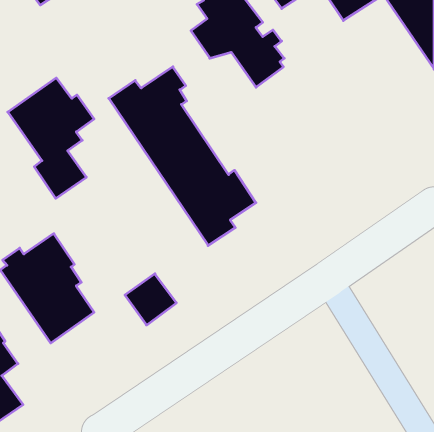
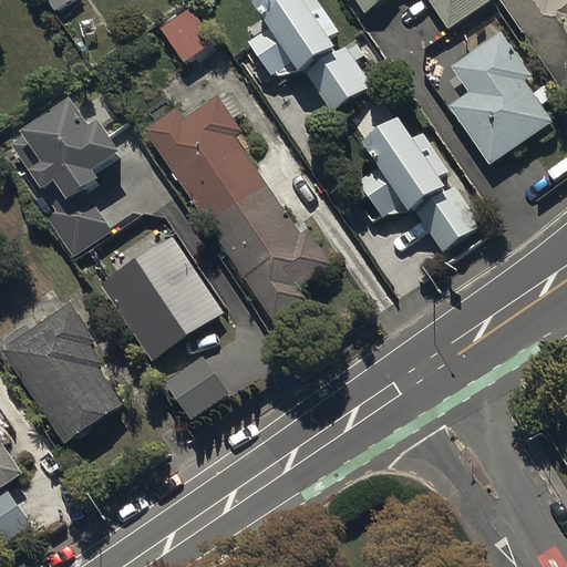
building: none -> [158,4,215,62]
building: none -> [449,30,553,163]
building: none -> [358,118,481,251]
building: none -> [100,235,224,361]

